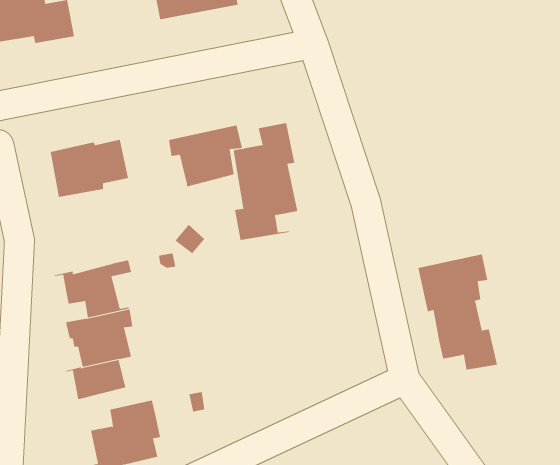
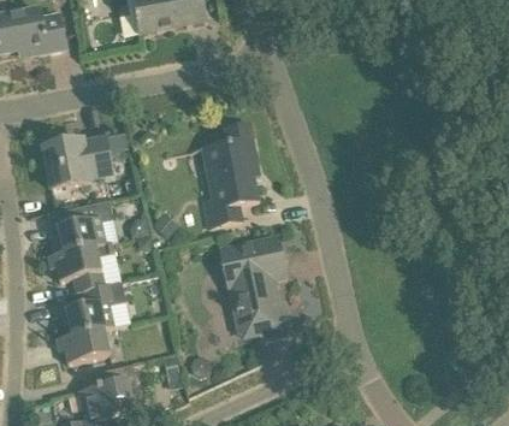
building: [168,125,243,187] -> [48,200,113,254]
building: [417,254,498,370] -> [220,237,290,338]

